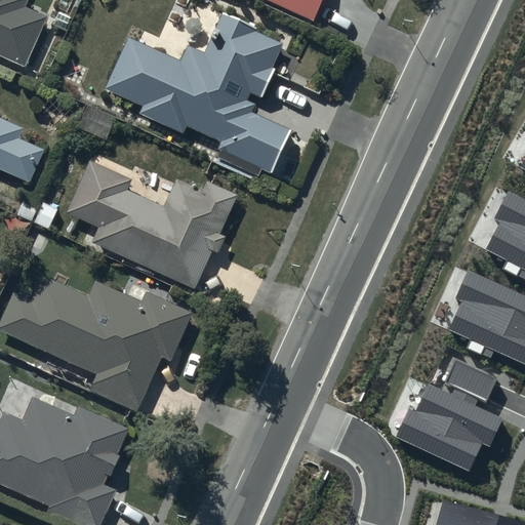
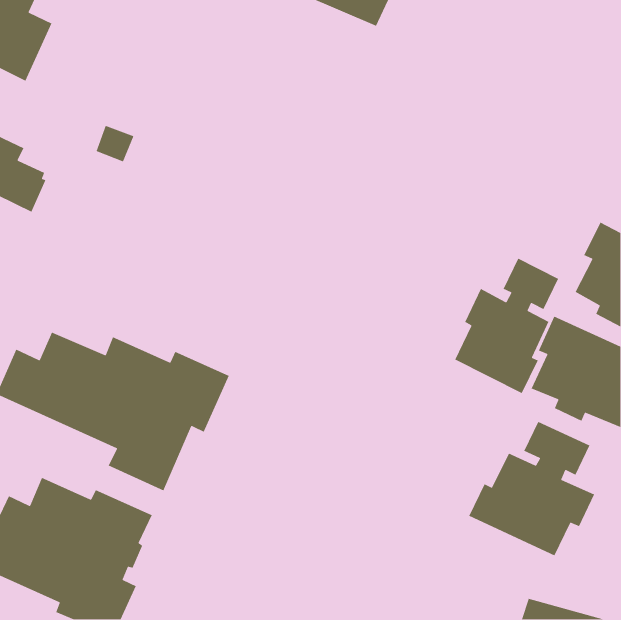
building: [108,13,292,175] -> none
building: [69,163,238,290] -> none
building: none -> [454,258,559,394]

